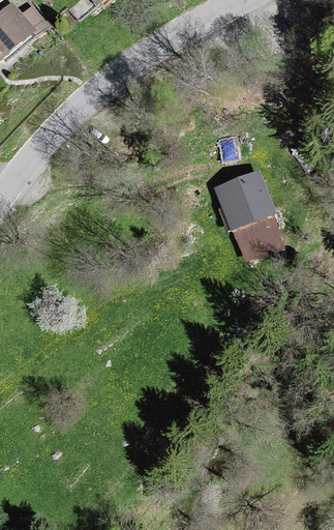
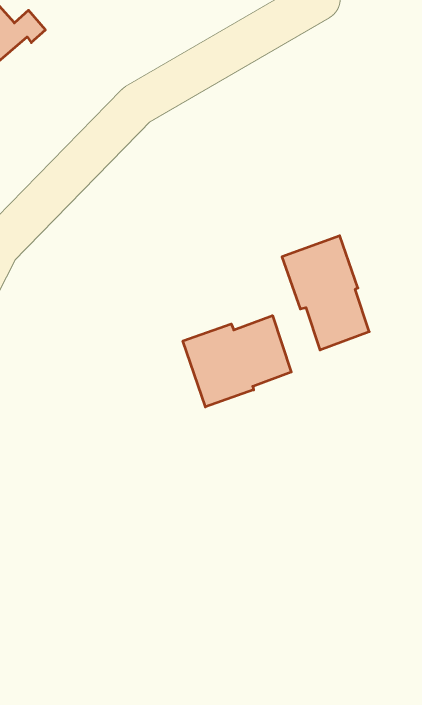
building: none -> [183,316,291,407]

